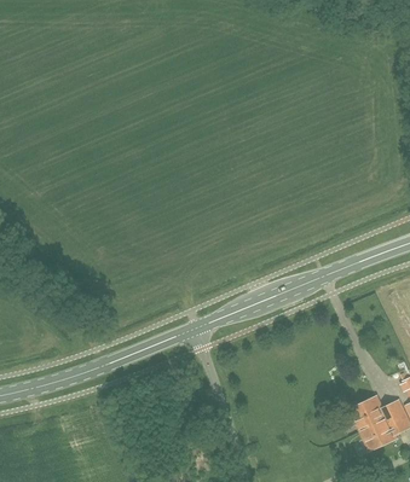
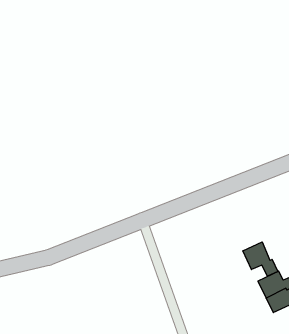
building: none -> [243,242,278,276]

